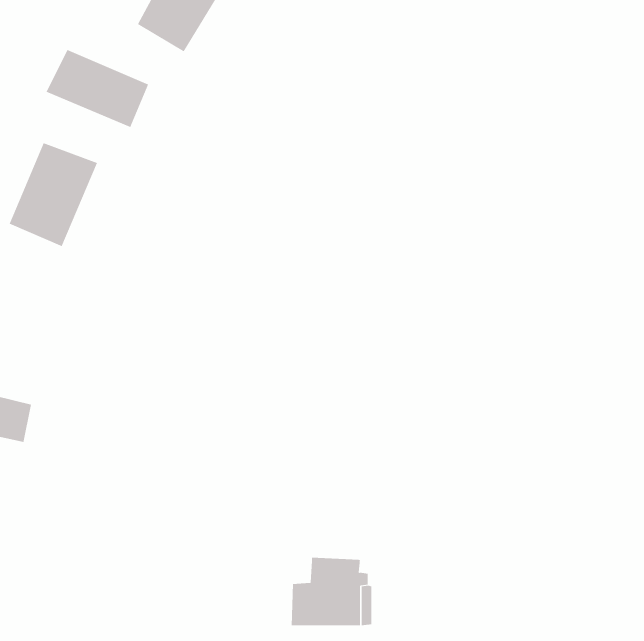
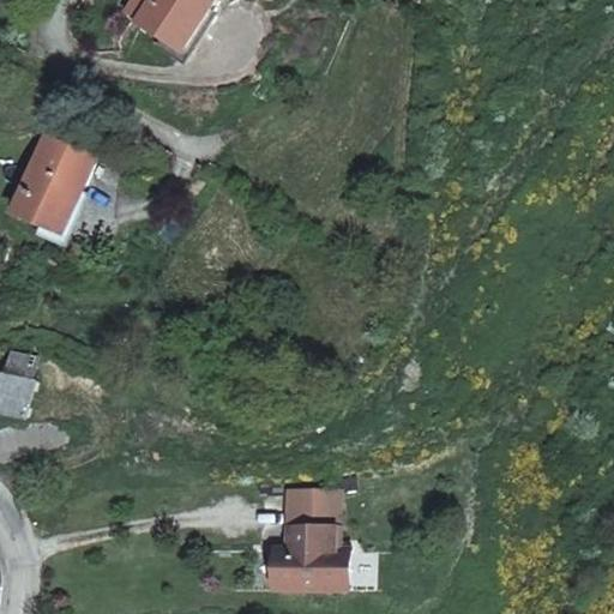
building: [46,49,149,128] -> none
building: none -> [287,490,341,529]

